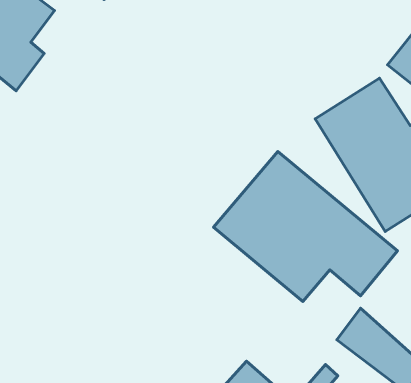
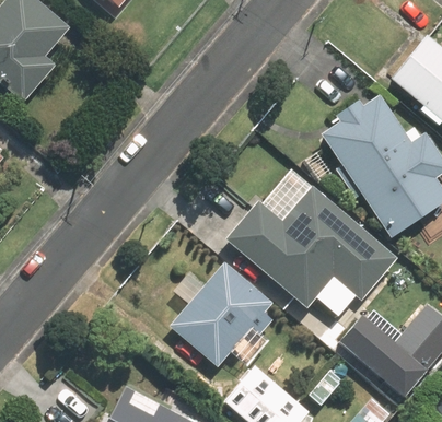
building: none -> [168,259,279,371]

